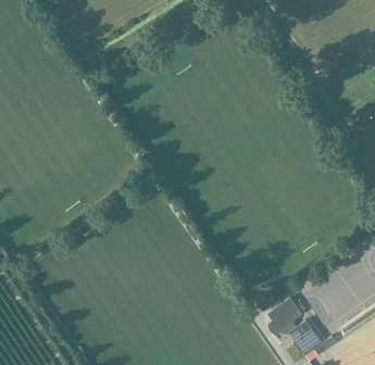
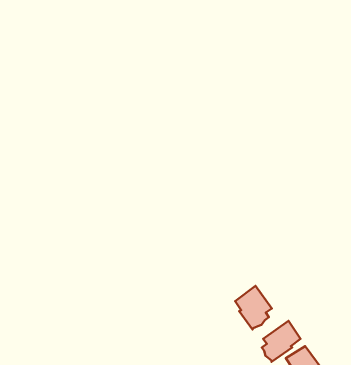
building: none -> [235,286,272,329]

